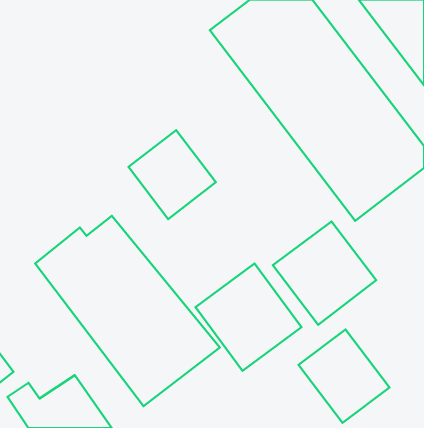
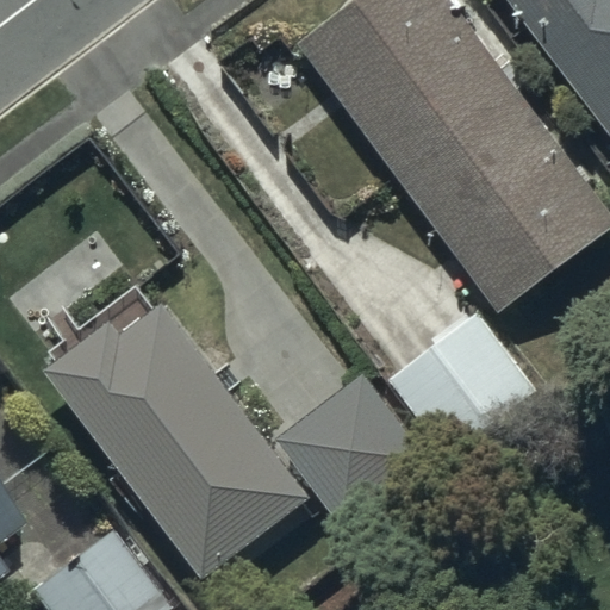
building: [128,130,216,219] -> none
building: [298,330,389,423] -> none

